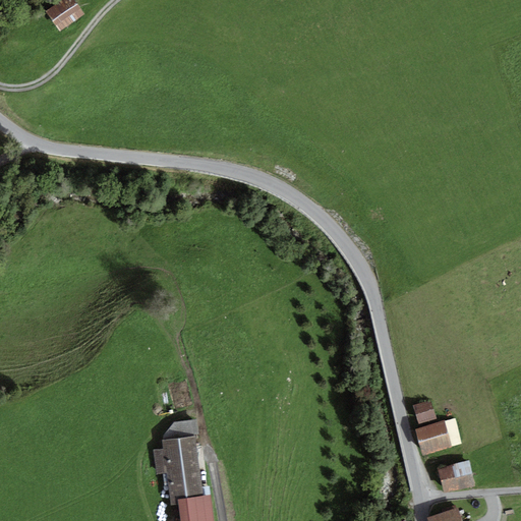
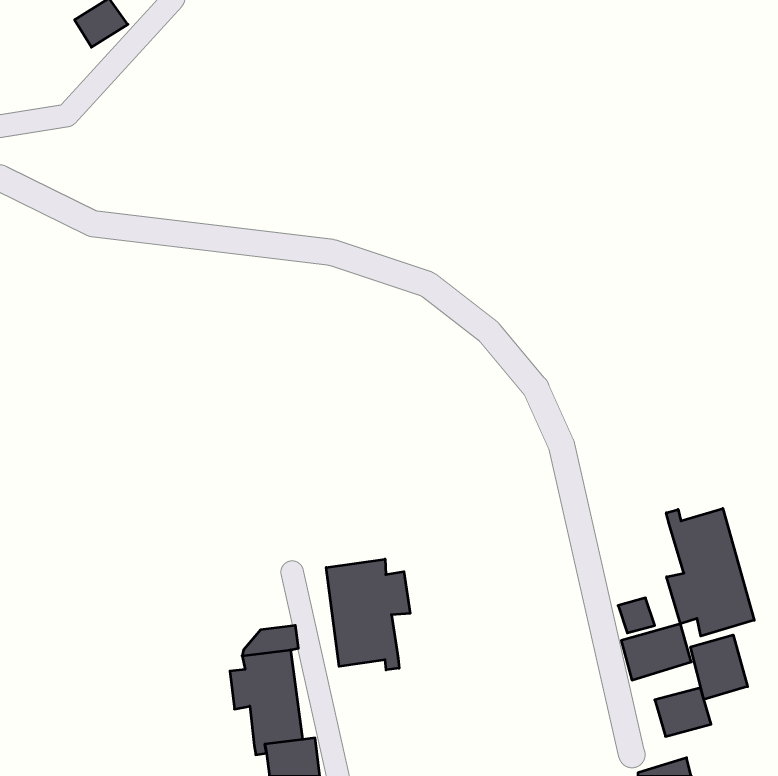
building: none -> [666,508,754,636]
building: none -> [326,559,410,670]
building: none -> [691,635,748,699]

